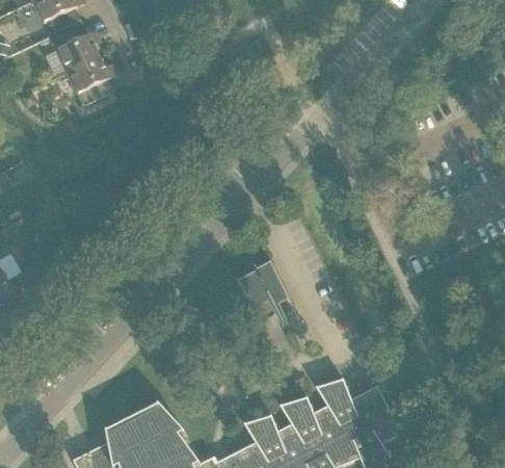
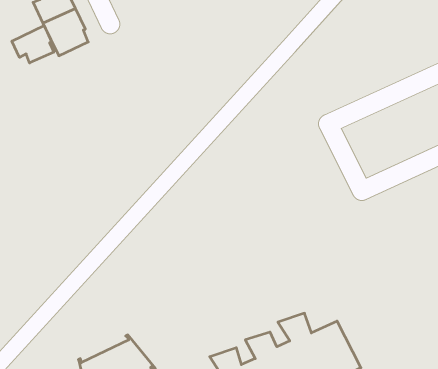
building: none -> [12,26,54,63]
building: [235,260,287,326] -> none

